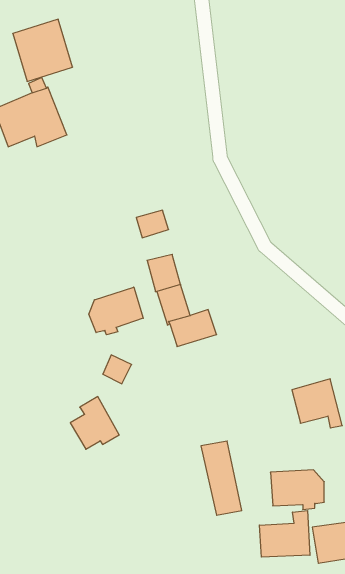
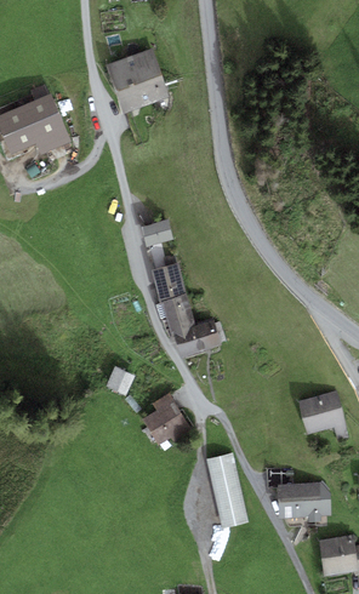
building: [13,19,73,81] -> [107,48,167,112]
building: [89,287,143,335] -> none
building: [70,397,119,449] -> [142,392,192,445]
building: [259,511,310,557] -> none

